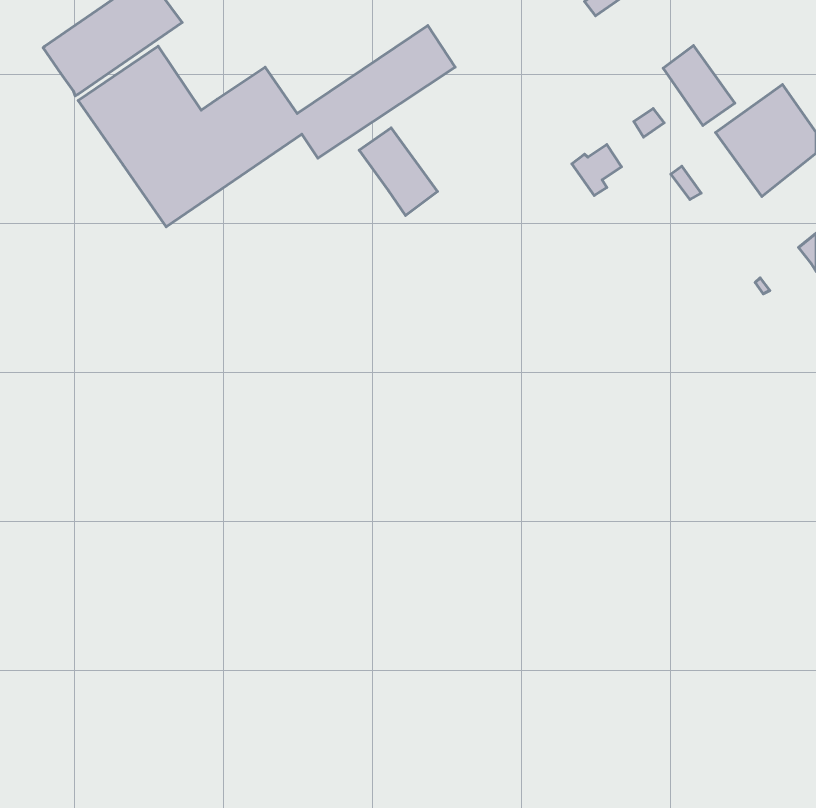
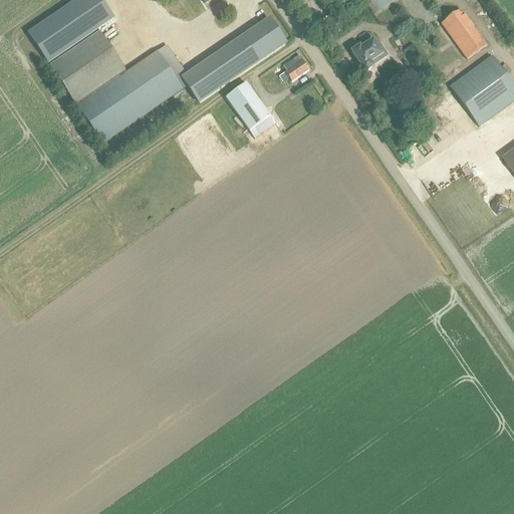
building: [663,46,735,126] -> [442,6,487,56]
building: none -> [279,51,309,78]
building: [572,145,621,196] -> [351,36,382,68]

